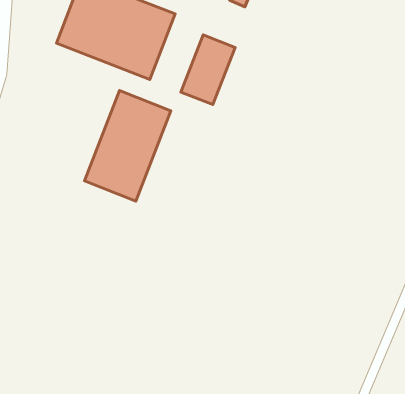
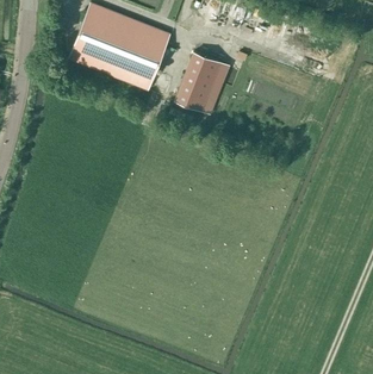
building: [84,91,171,201] -> none

